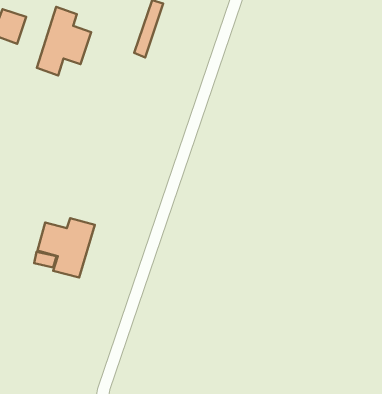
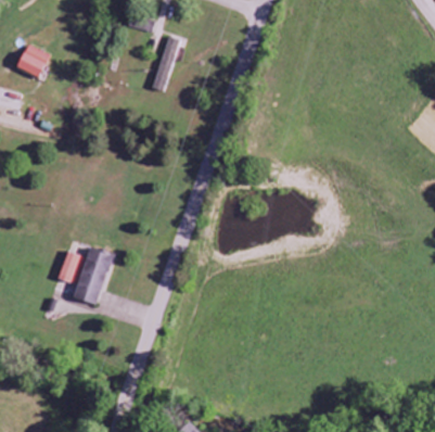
building: [37,7,91,75] -> none

